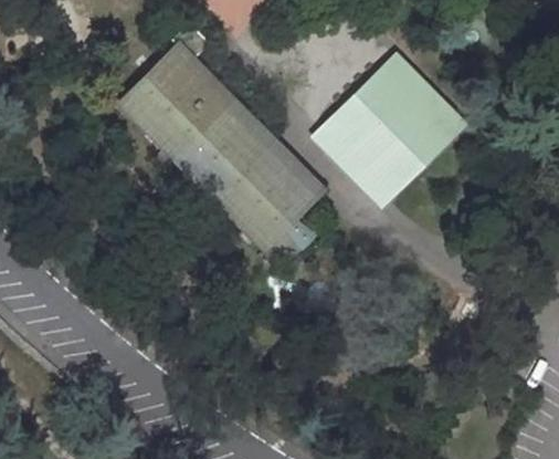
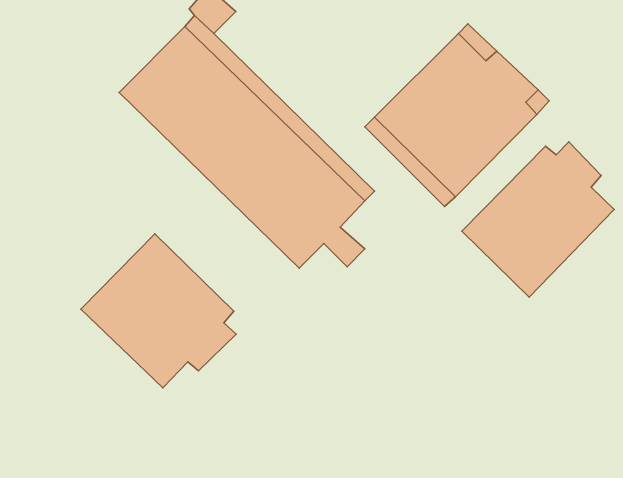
building: none -> [462,142,614,297]
building: none -> [81,234,236,388]

